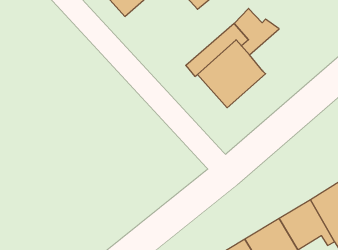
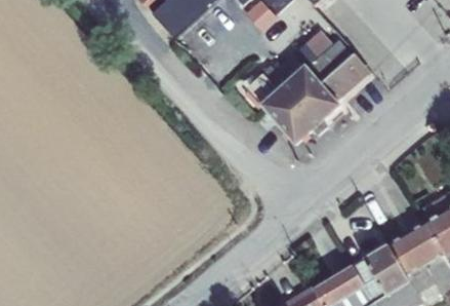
building: none -> [320,49,370,98]

